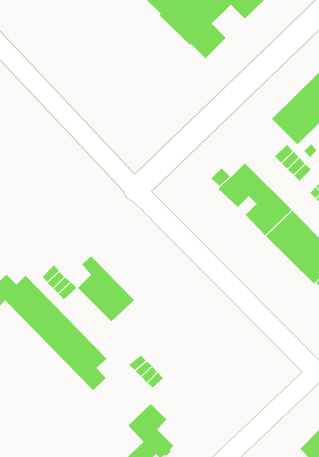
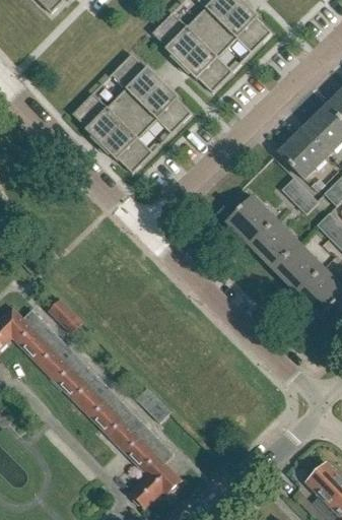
building: none -> [72,54,192,173]
building: [77,255,135,322] -> [99,393,157,460]

